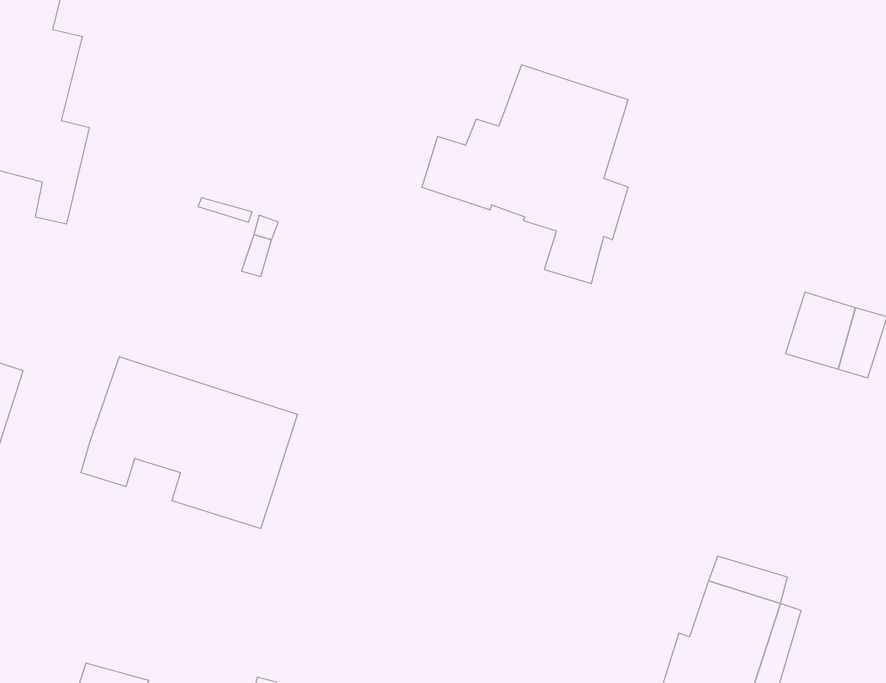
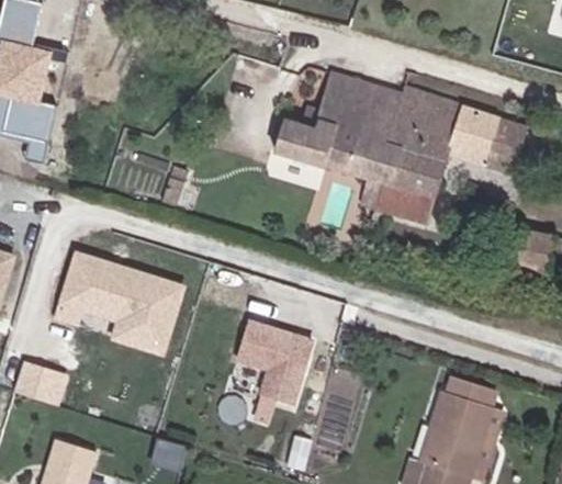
building: none -> [372,85,521,222]
building: none -> [239,325,313,408]
building: none -> [18,361,68,404]

